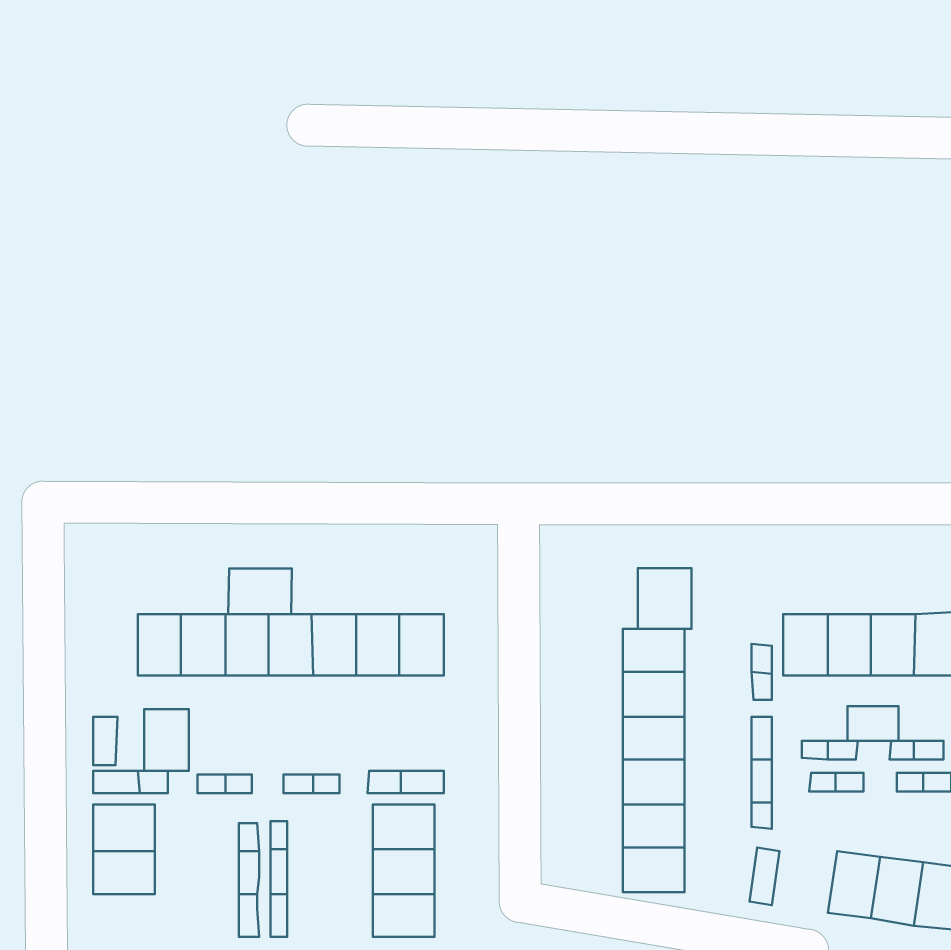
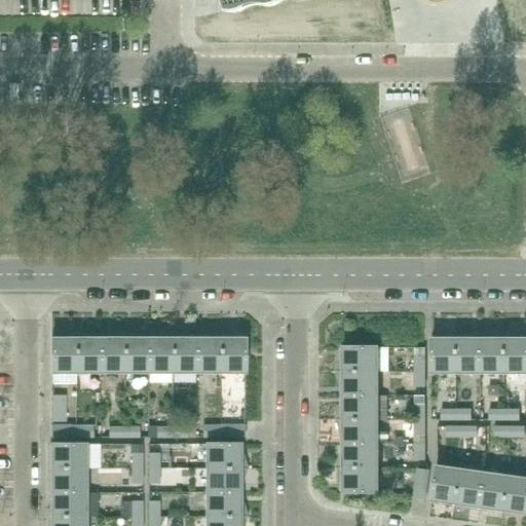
building: [638,568,692,629] -> none
building: [228,568,292,614] -> none
building: [847,706,898,741] -> none
building: [144,709,189,771] -> [52,338,77,372]
building: none -> [433,465,462,502]
building: none -> [52,492,86,517]

